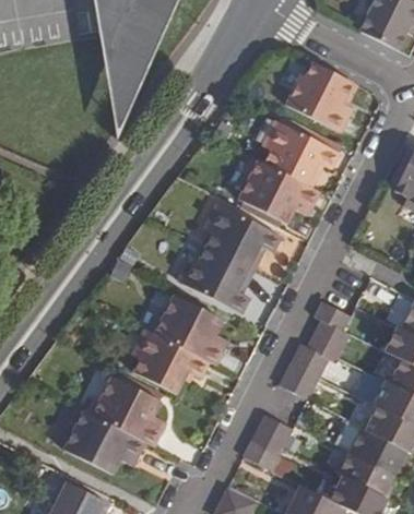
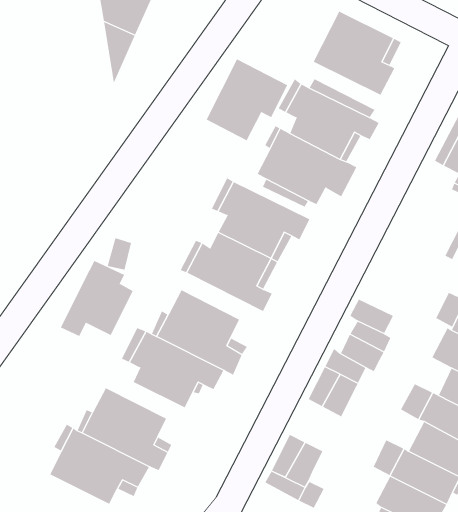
building: none -> [206,59,288,141]
building: none -> [60,260,134,337]

